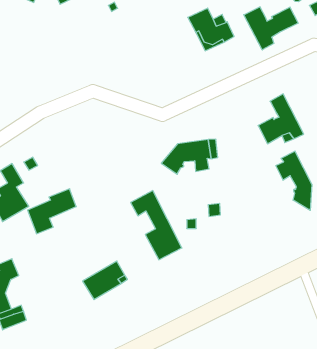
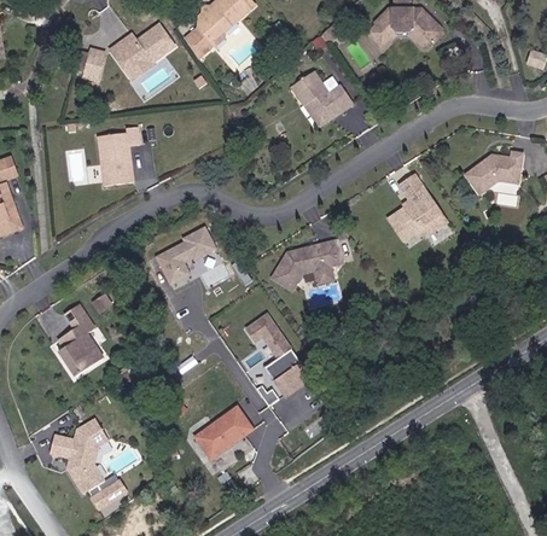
building: [244,7,298,50] -> none
building: none -> [99,132,140,188]
building: [276,151,312,210] -> none
building: [28,189,76,234] -> [156,223,217,285]

